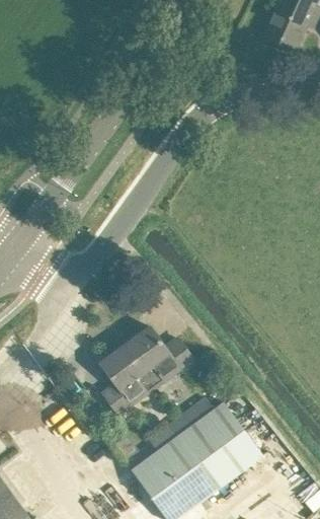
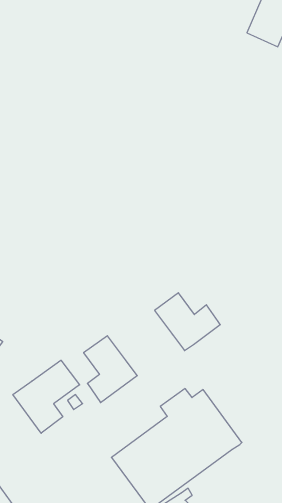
building: [125,327,191,386] -> [155,293,220,351]
building: none -> [13,360,80,433]

